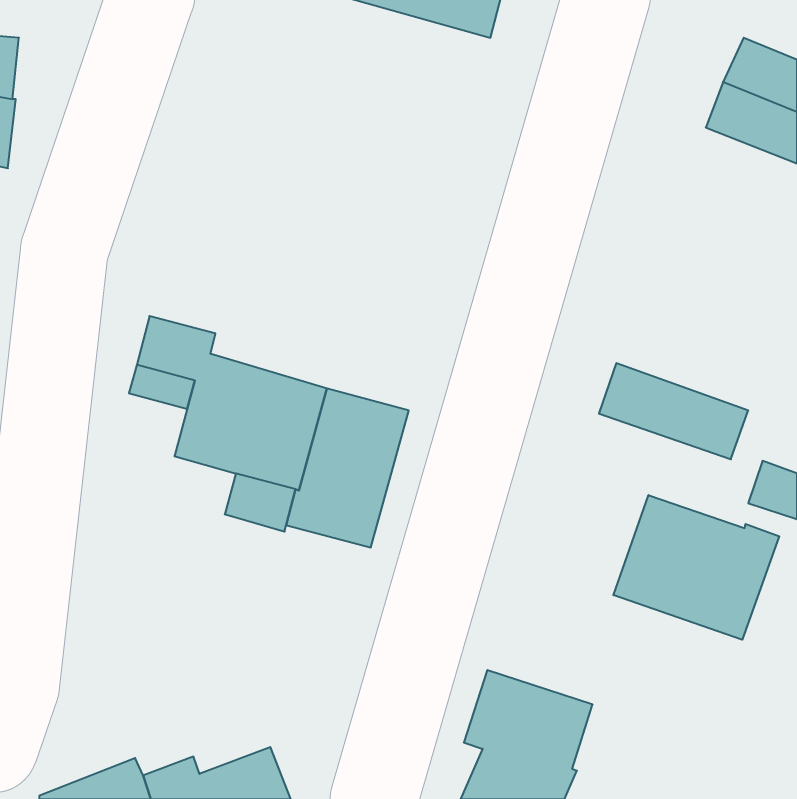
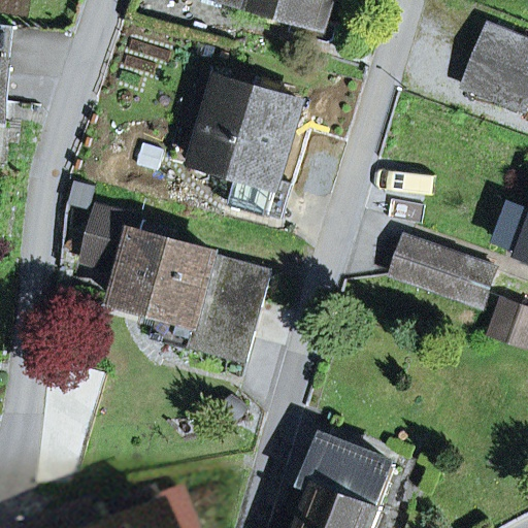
building: none -> [194,73,299,218]
building: [613,495,779,640] -> none

